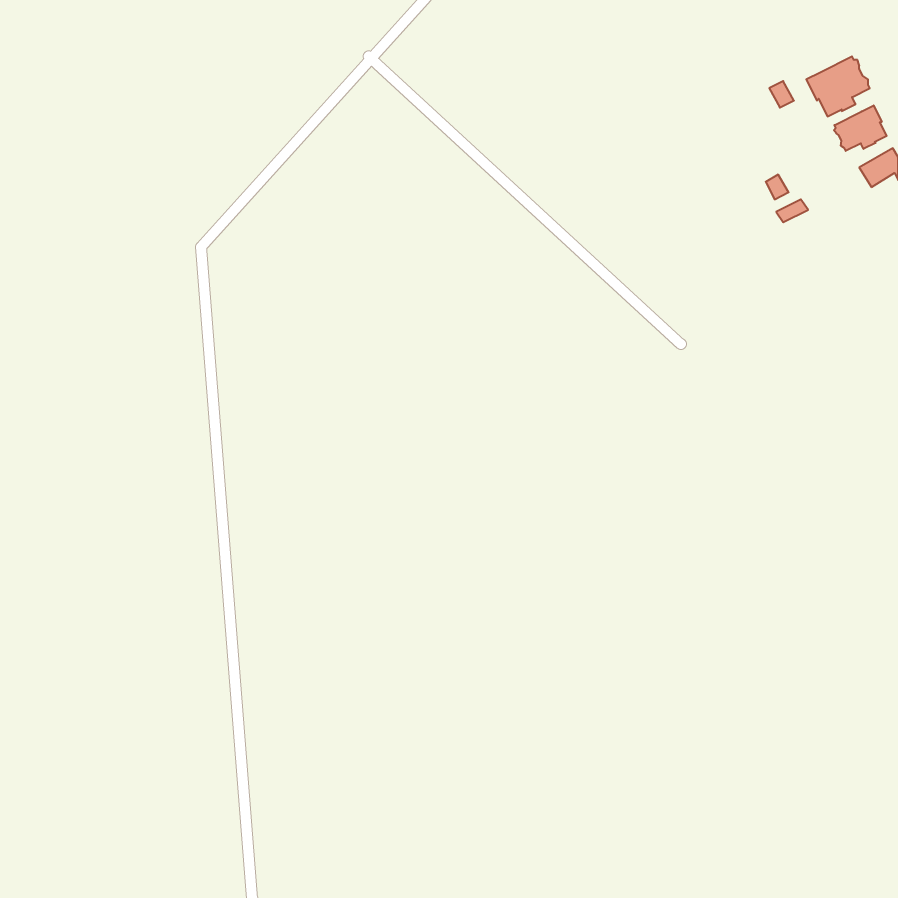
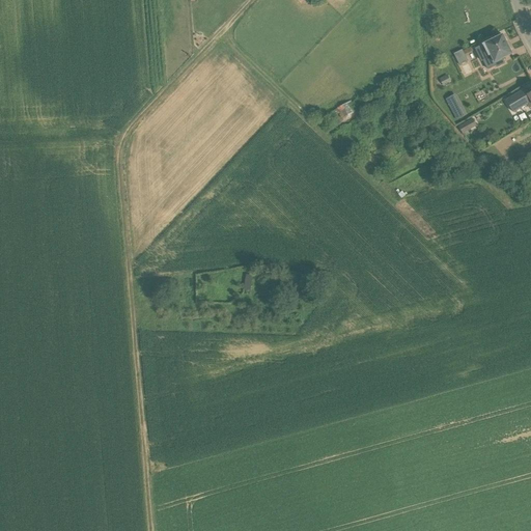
building: [834,105,887,151] -> none

